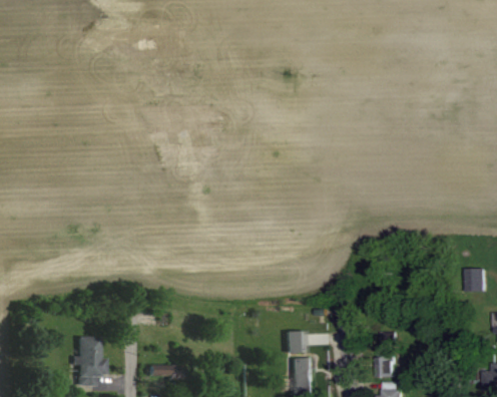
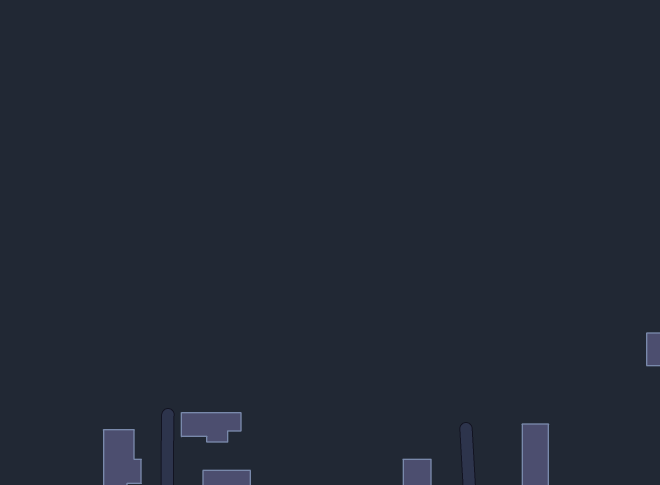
building: none -> [182,413,241,442]
building: [285,332,304,353] -> none

